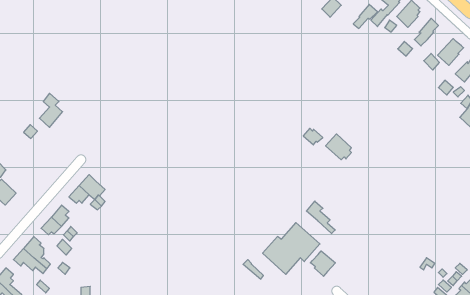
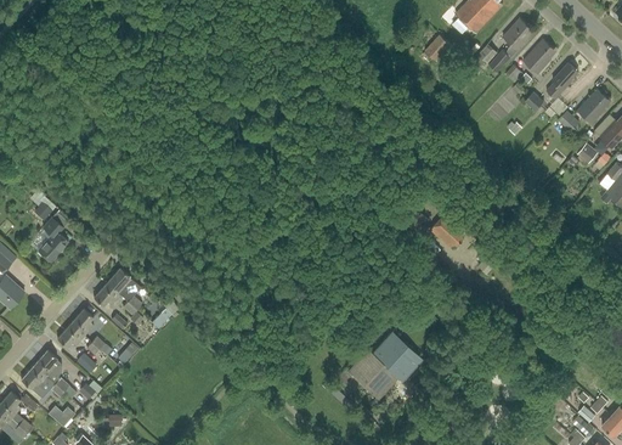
building: [39,93,63,127] -> [38,216,68,261]
building: [306,201,335,234] -> none
building: [310,251,335,276] -> none

